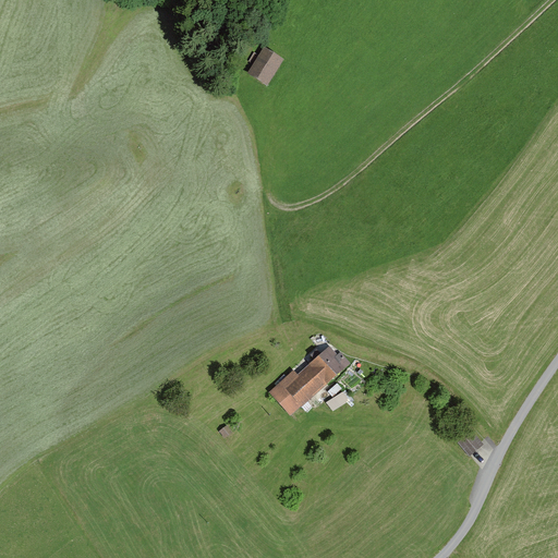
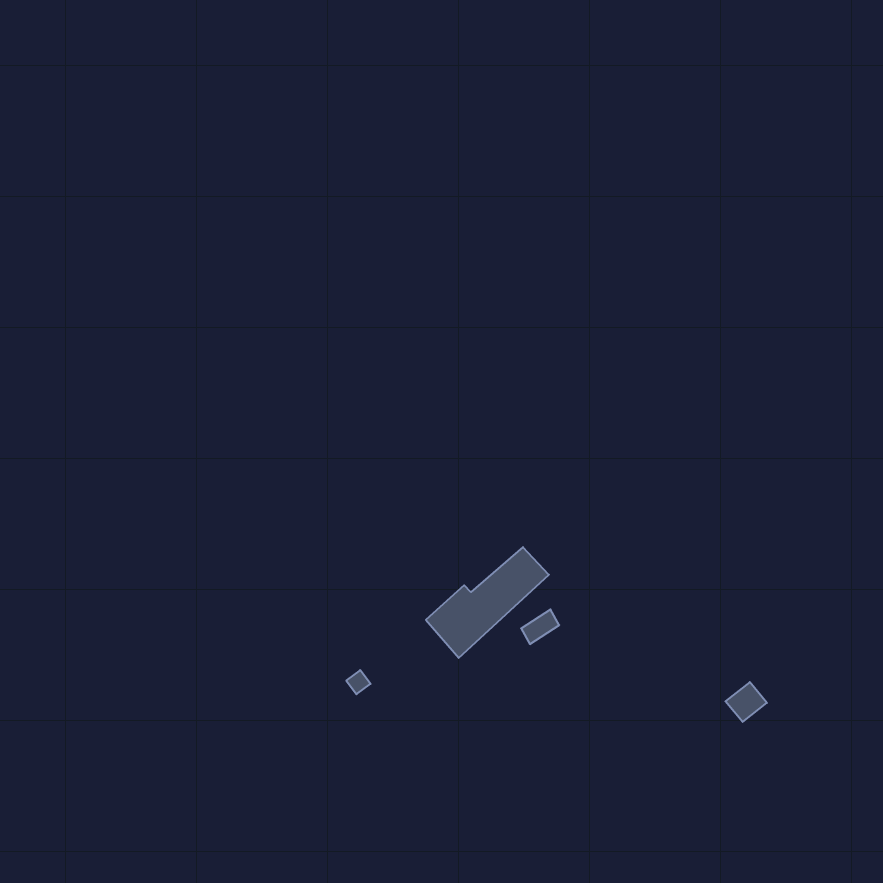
building: [250,51,282,87] -> none

